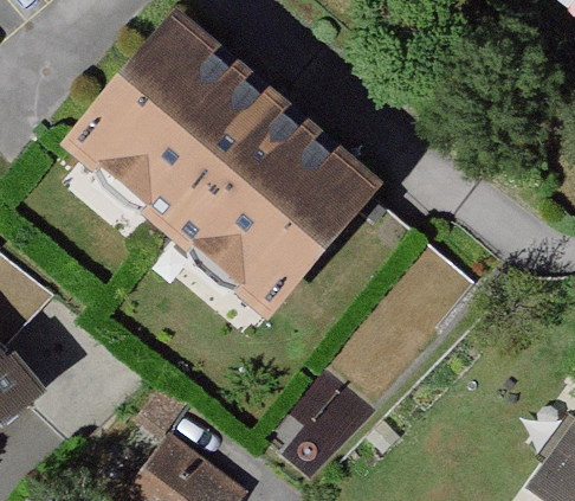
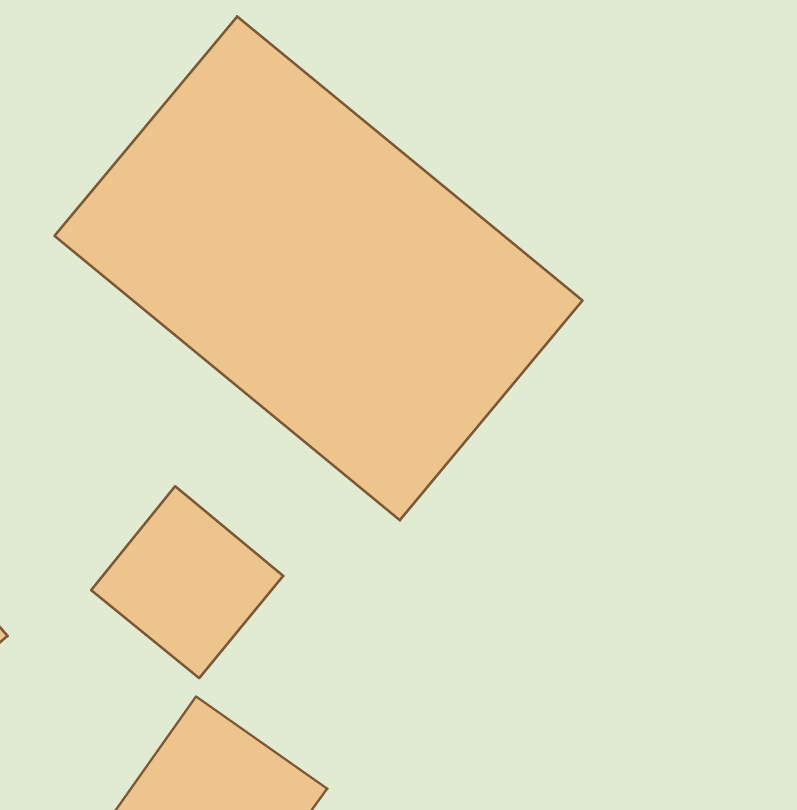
building: none -> [91,486,283,678]

